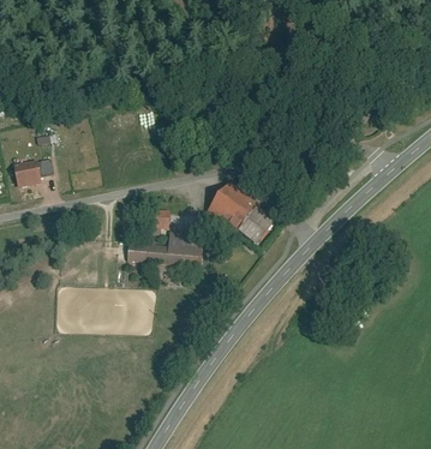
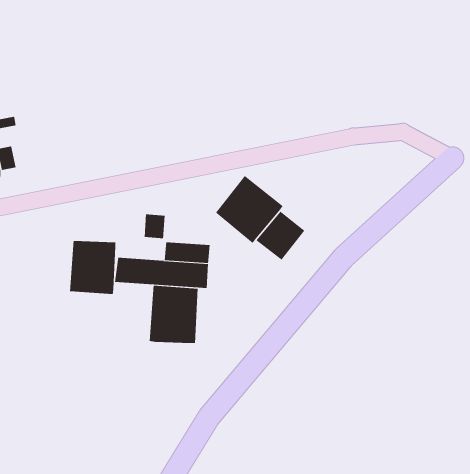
building: none -> [69,240,116,295]
building: none -> [149,285,198,344]

